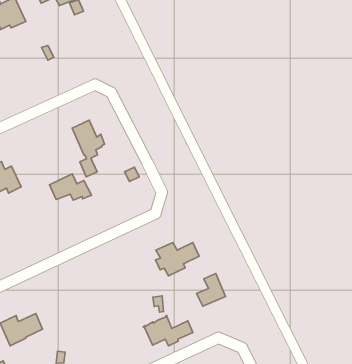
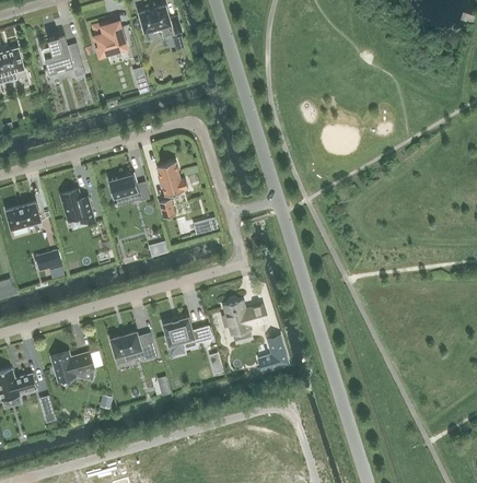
building: [50,174,91,200] -> [108,174,150,201]
building: none -> [110,332,156,361]
building: [143,316,193,346] -> [162,317,212,349]

